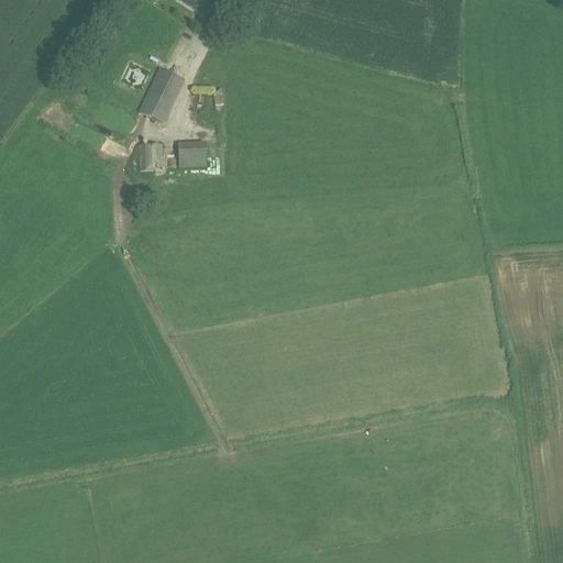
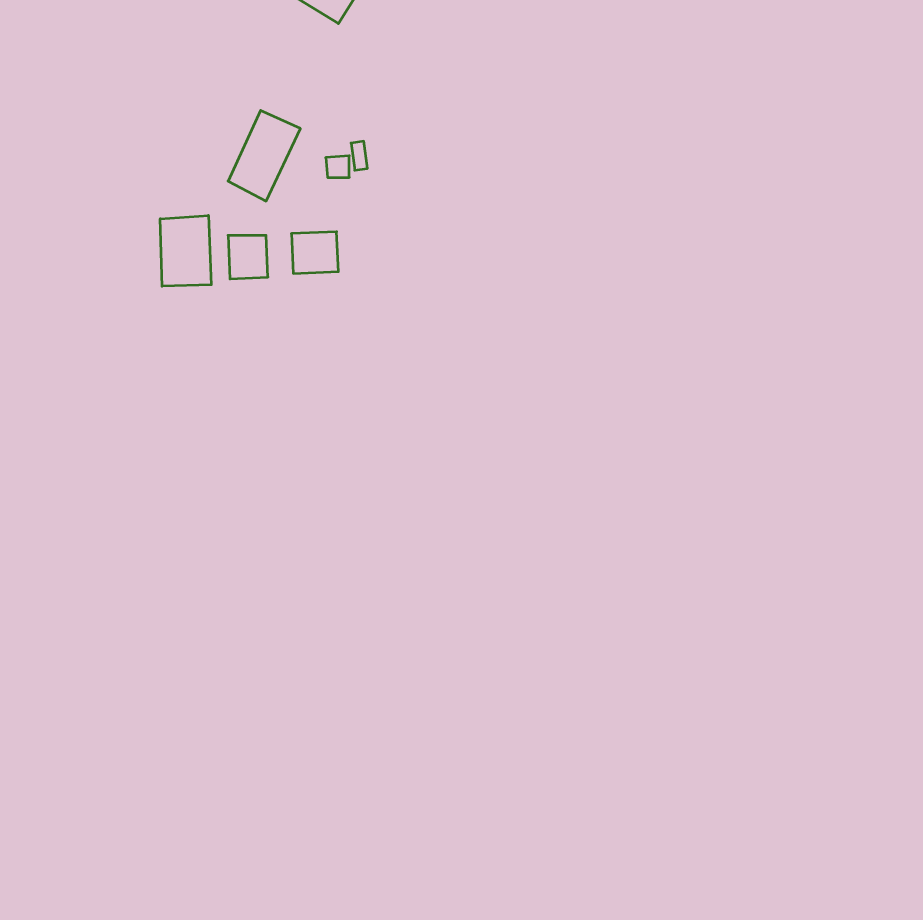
building: none -> [160,215,211,286]

